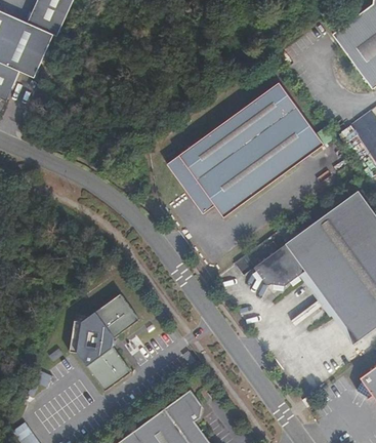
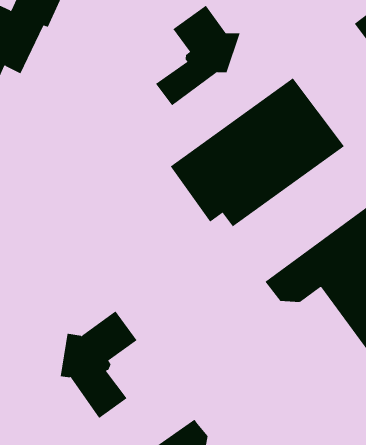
building: none -> [155,5,241,106]

